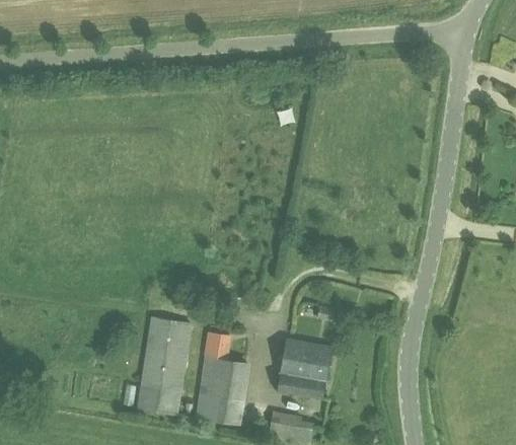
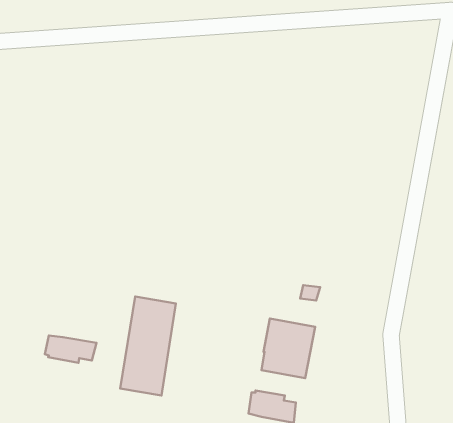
building: [195,327,251,426] -> none
building: none -> [45,336,97,363]

